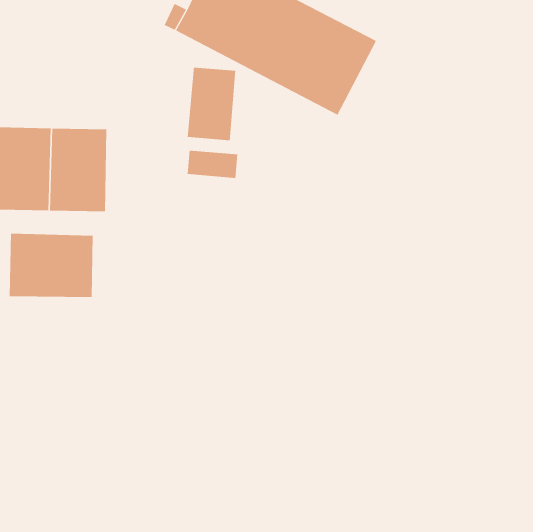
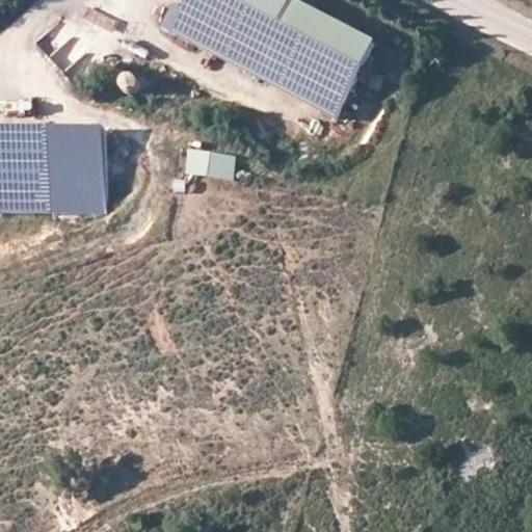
building: [187,67,236,141] -> none
building: [9,233,93,298] -> none

